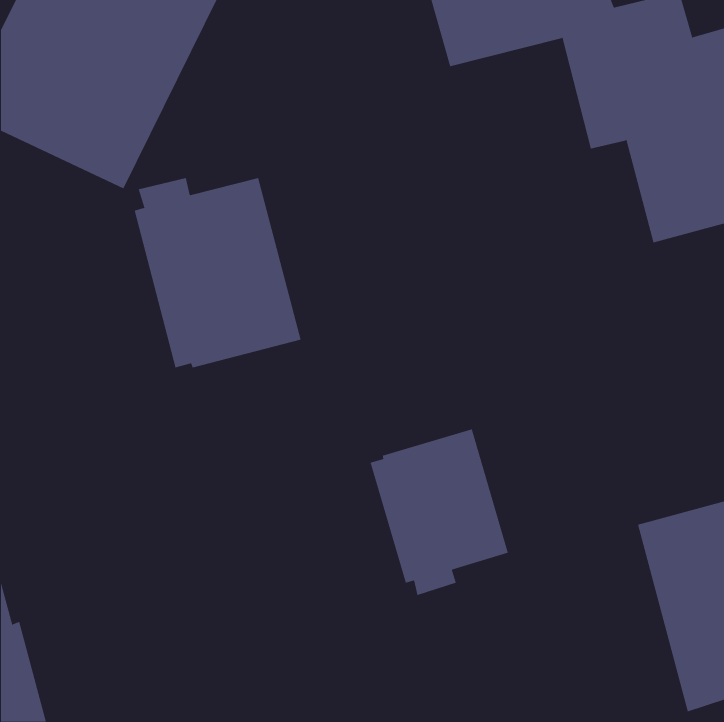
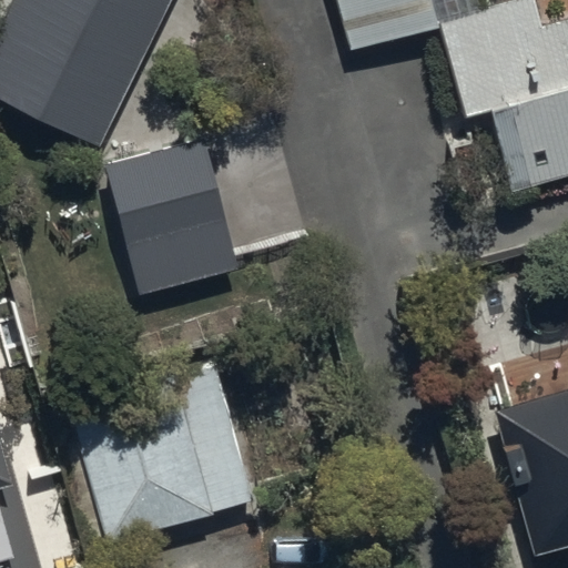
building: [370,429,509,596] -> none
building: none -> [51,366,255,546]

